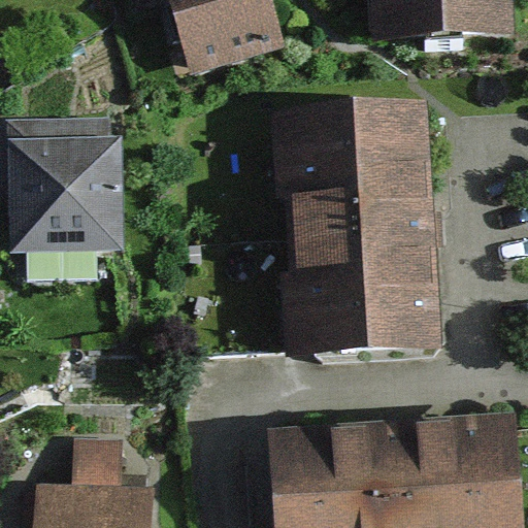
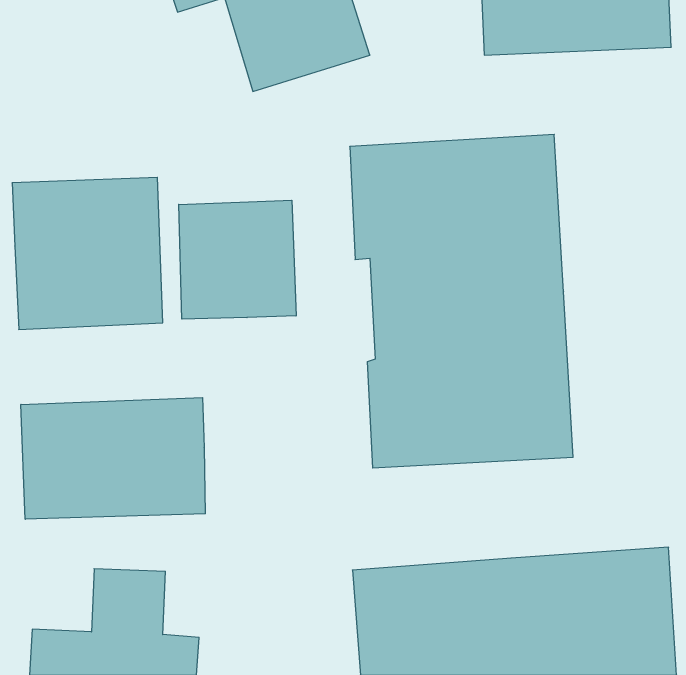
building: none -> [179,200,296,319]
building: none -> [21,398,205,519]

